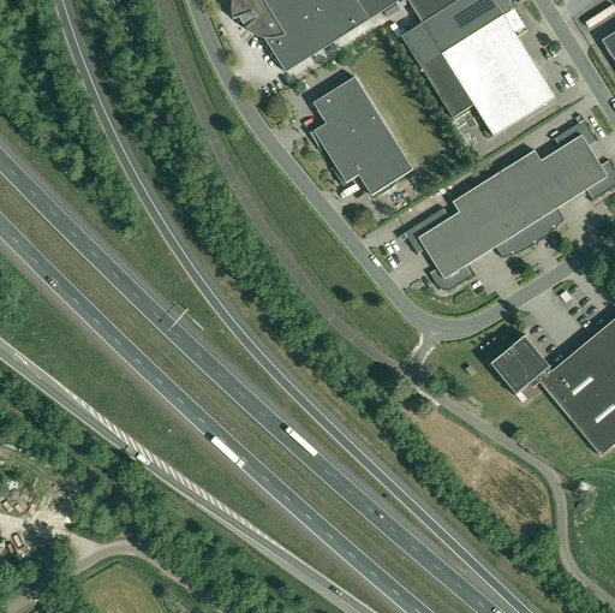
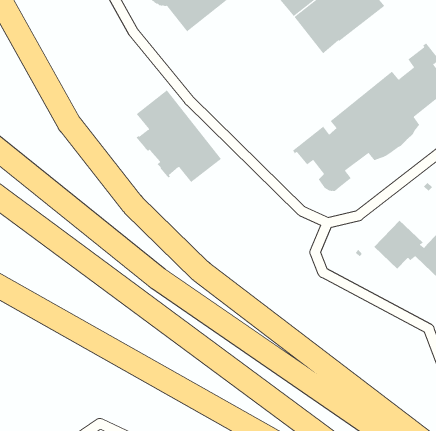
building: [473,65,555,135] -> none
building: [309,75,413,194] -> [136,90,222,183]

